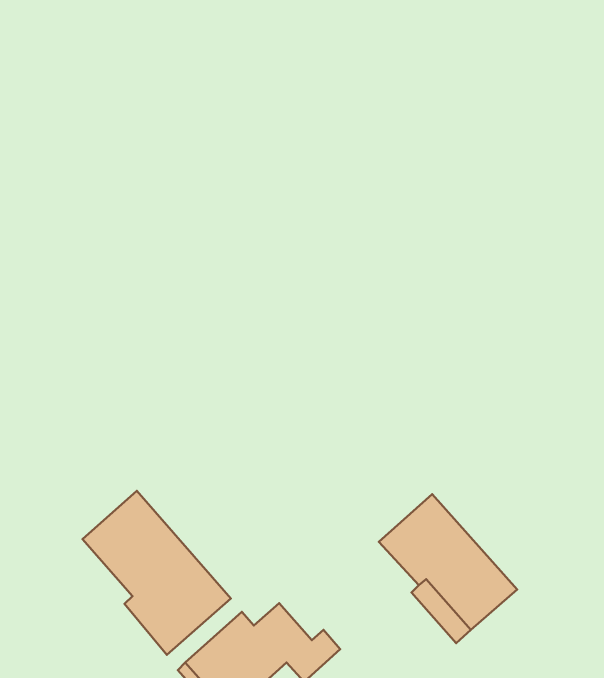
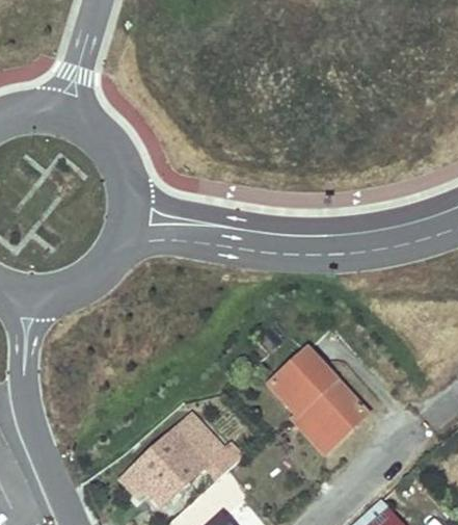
building: [83,491,231,655] -> none

